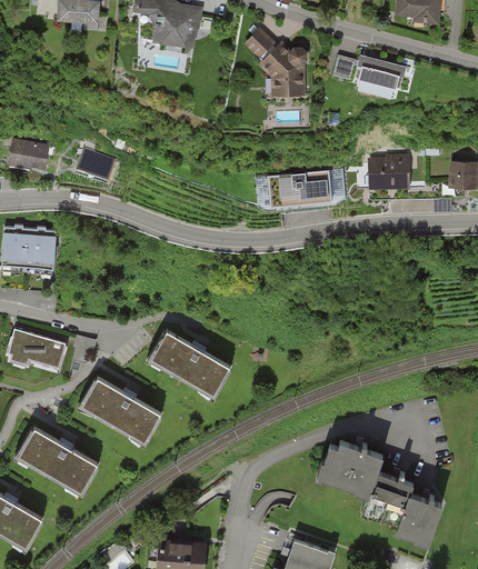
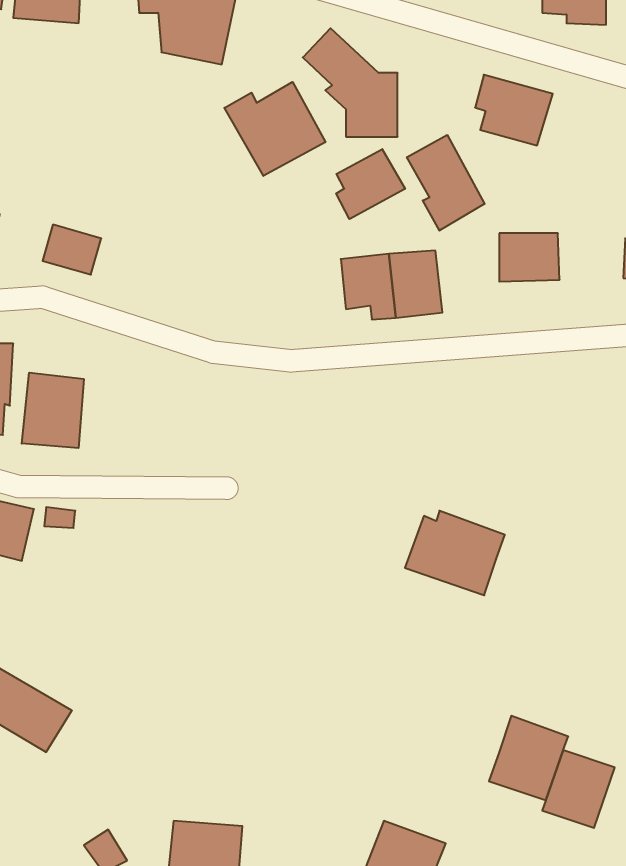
building: none -> [224,82,325,176]
building: none -> [407,135,485,231]
building: none -> [336,149,405,219]
building: none -> [22,373,84,448]
building: [150,330,227,393] -> none
building: [81,380,158,442] -> none
building: [319,438,384,492] -> [405,511,505,595]

